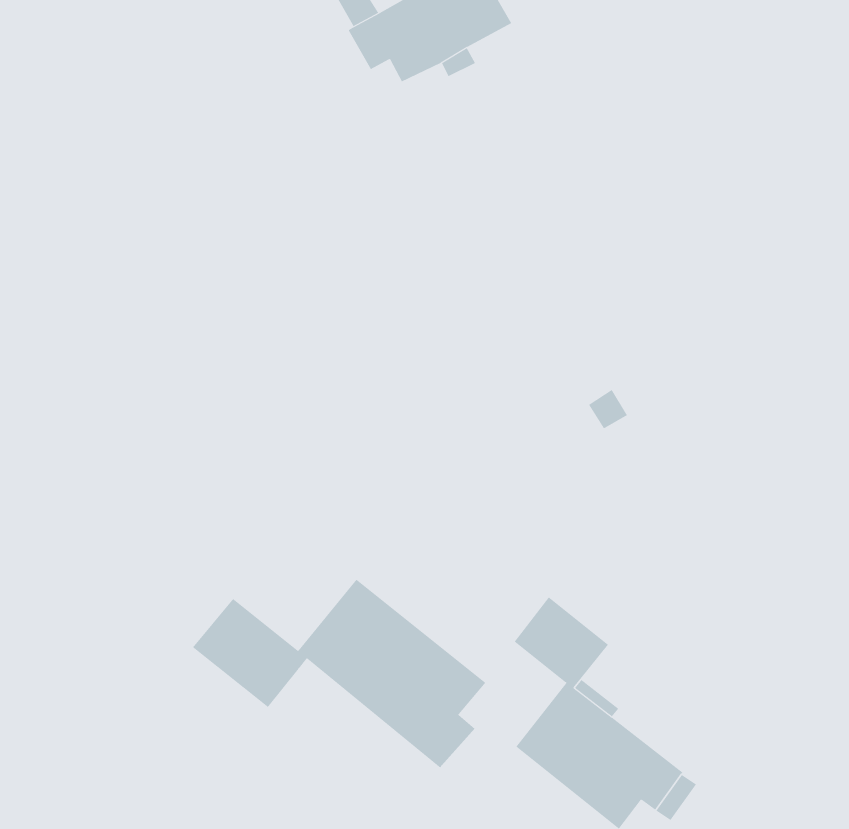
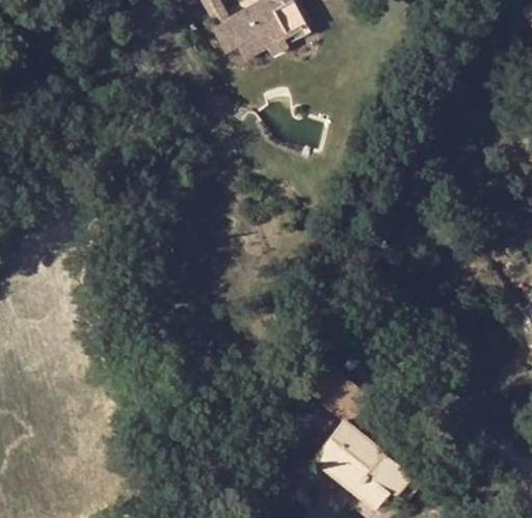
building: [192,579,486,768] -> none

